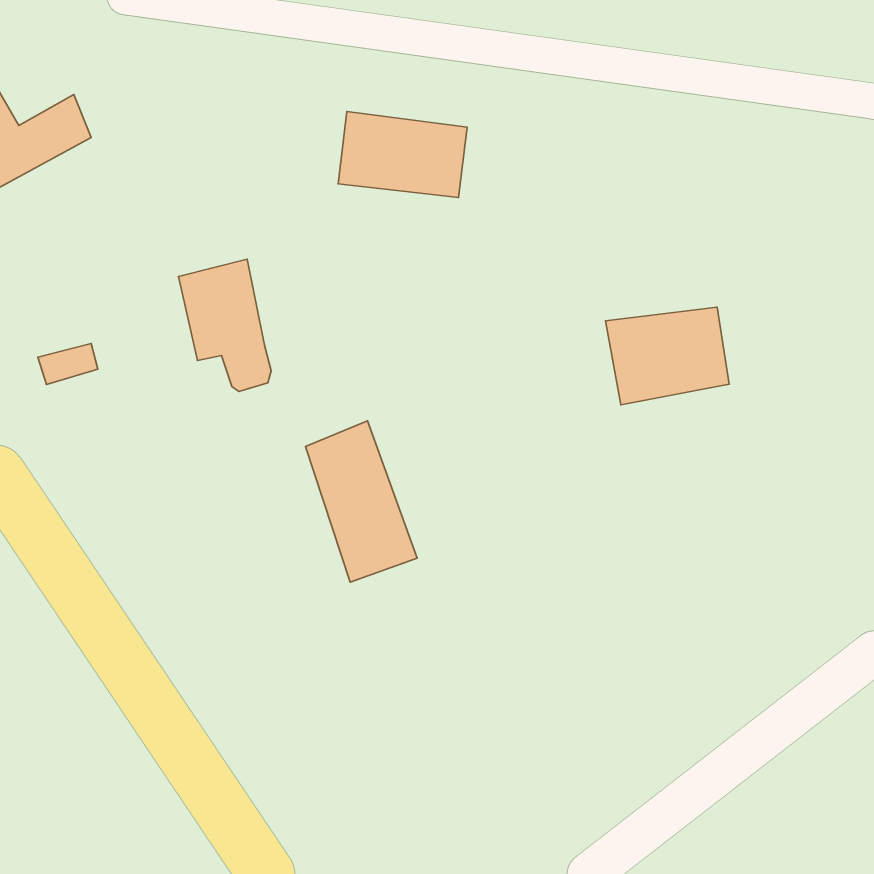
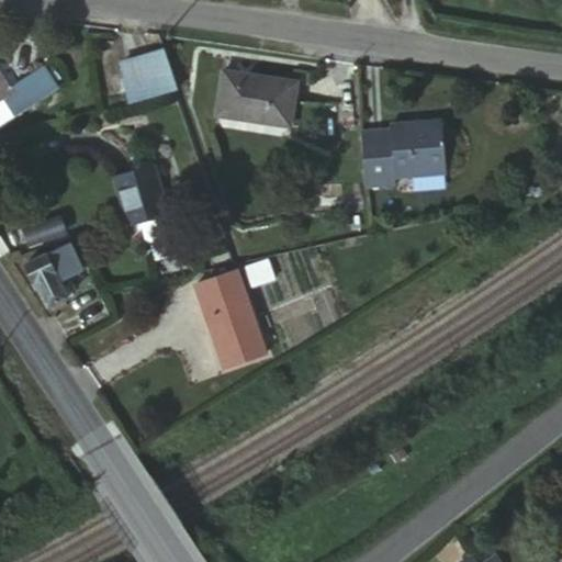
building: none -> [114,49,173,104]
building: [606,307,729,405] -> [366,120,445,182]
building: none -> [26,249,71,307]

